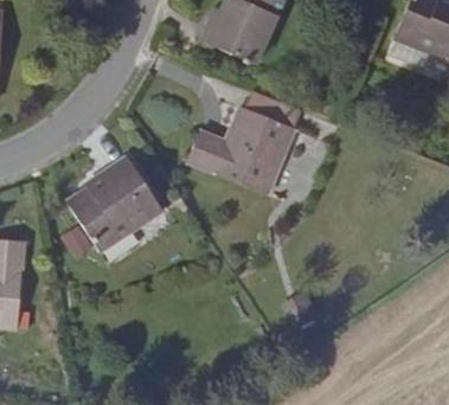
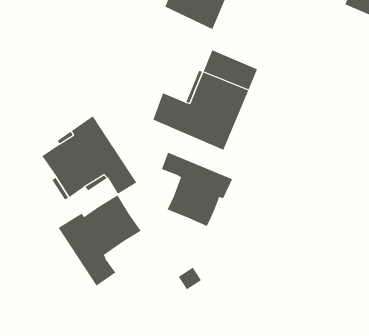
building: none -> [161,152,233,227]
building: none -> [58,195,141,287]

